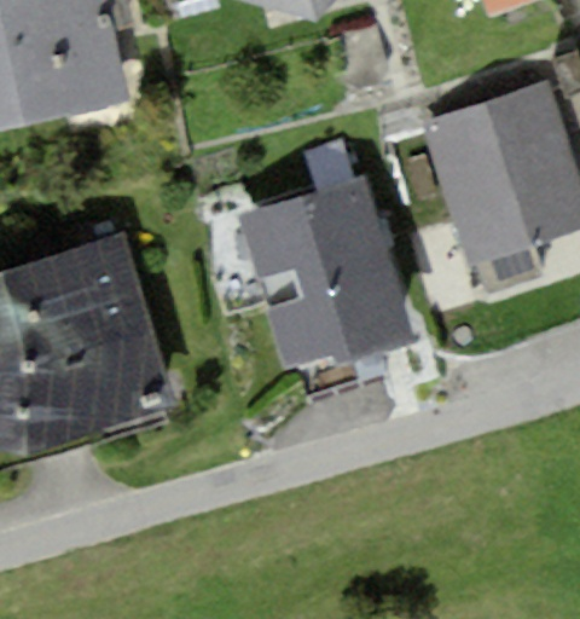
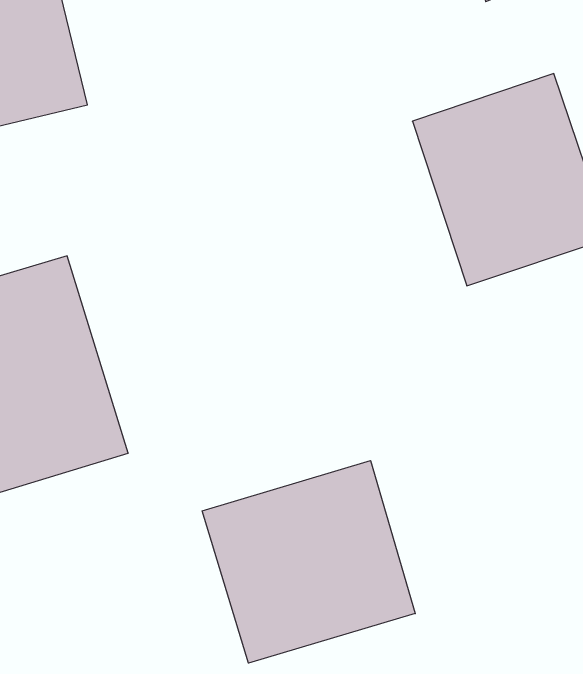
building: [237,179,406,381] -> none
building: none -> [202,461,415,663]

